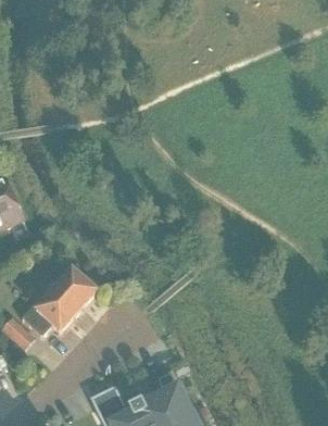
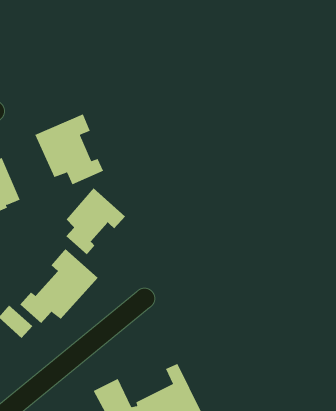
building: none -> [35,113,104,185]
building: none -> [66,187,126,255]

